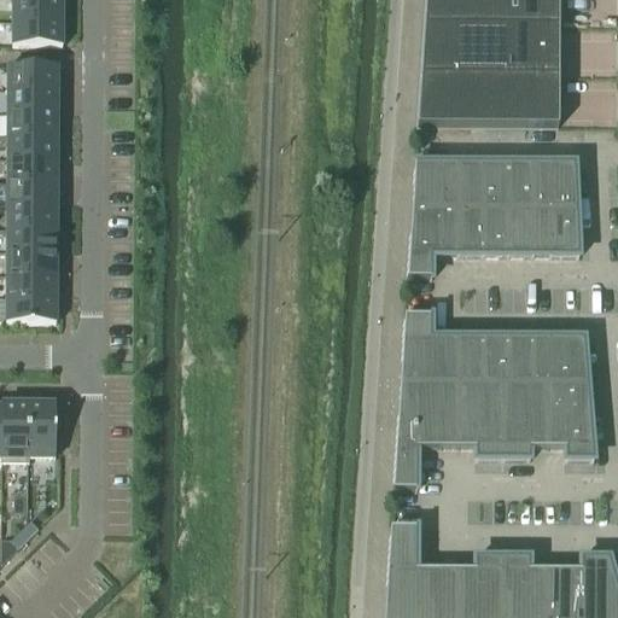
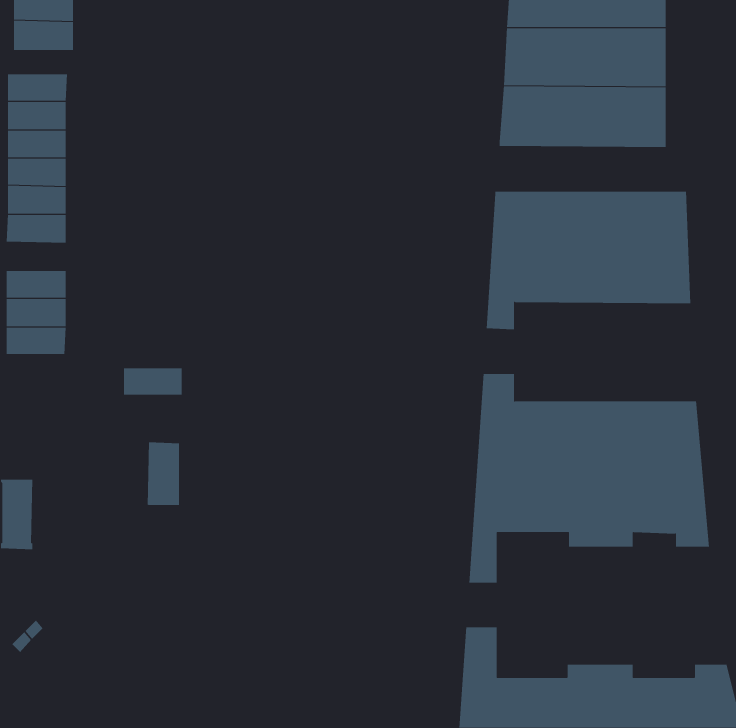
building: [7,202,58,226] -> none
building: [7,296,57,319] -> [123,368,182,395]
building: [29,400,57,453] -> [147,442,180,505]

